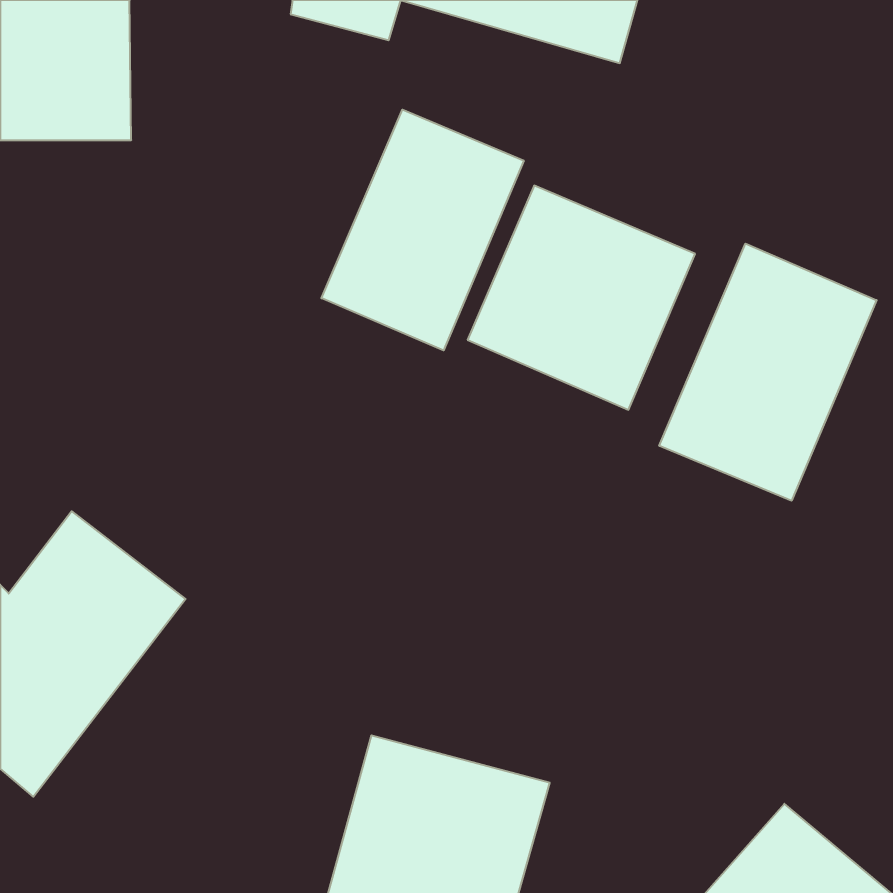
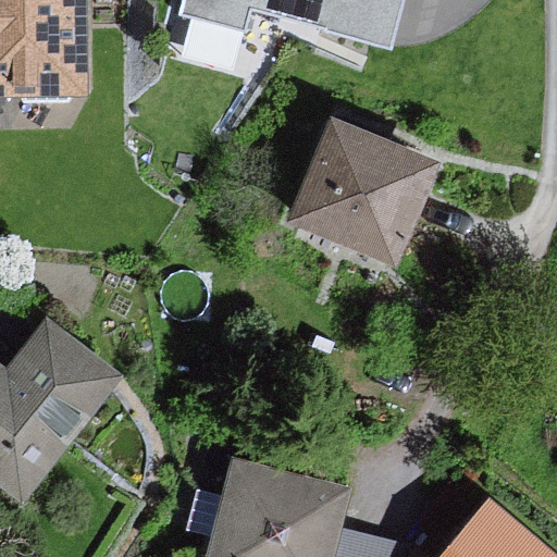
building: [321,110,524,350] -> none
building: [659,244,877,501] -> none

